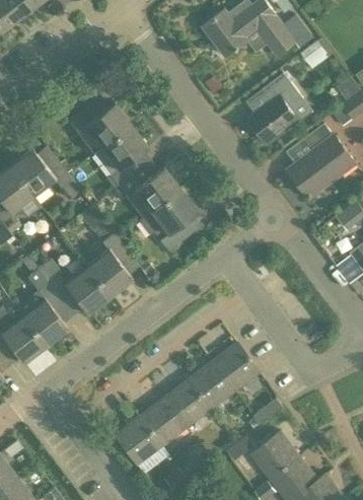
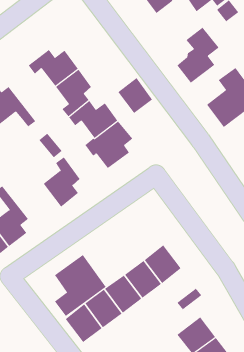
building: none -> [118,77,153,114]
building: [48,268,108,313] -> none
building: none -> [54,254,107,317]

